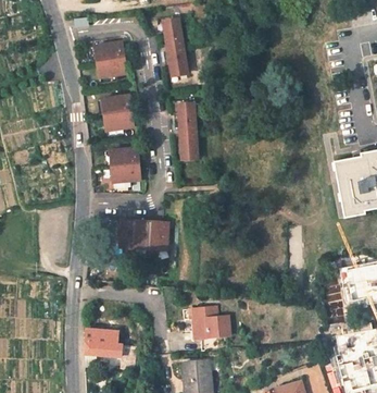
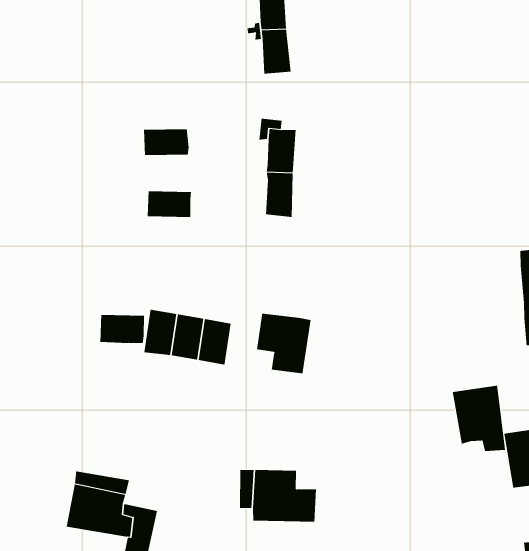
building: [84,41,126,81] -> none
building: [102,95,130,114] -> none
building: [112,163,139,182] -> [99,315,145,343]
building: none -> [256,313,311,374]
building: none -> [452,385,505,452]

